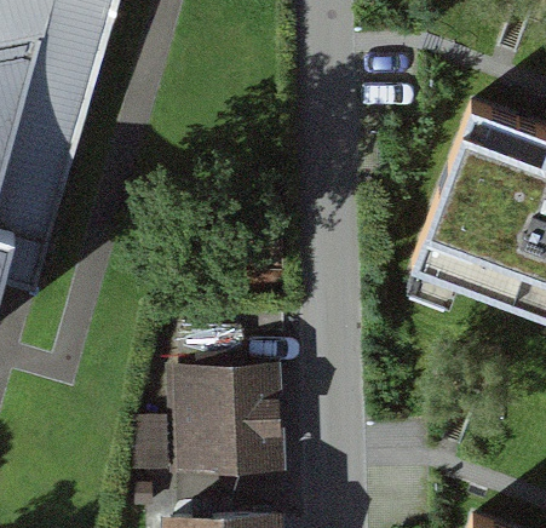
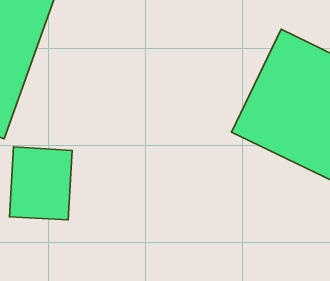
building: [173,350,263,455] -> [10,147,72,220]

